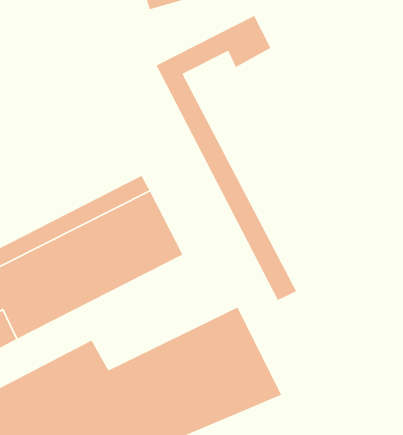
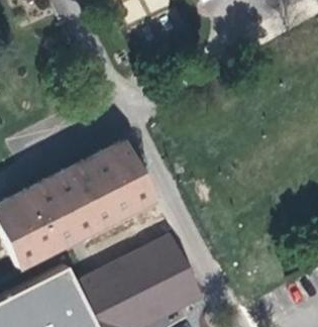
building: [155,15,297,301] -> none

